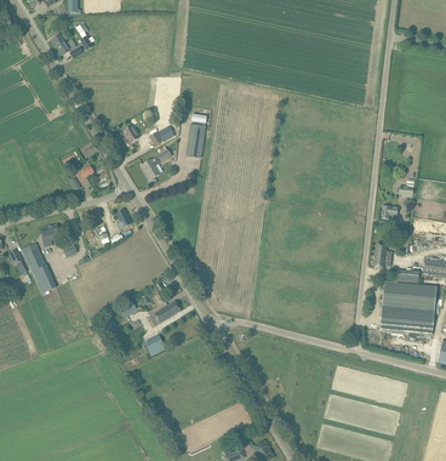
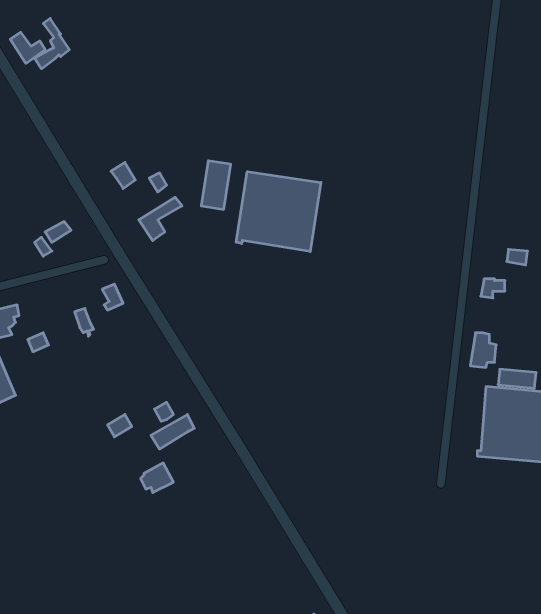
building: none -> [236,172,321,252]

